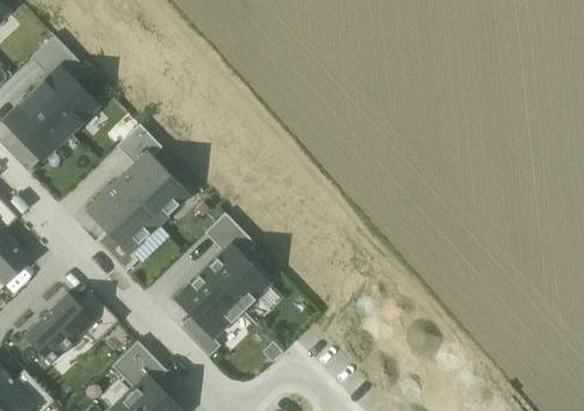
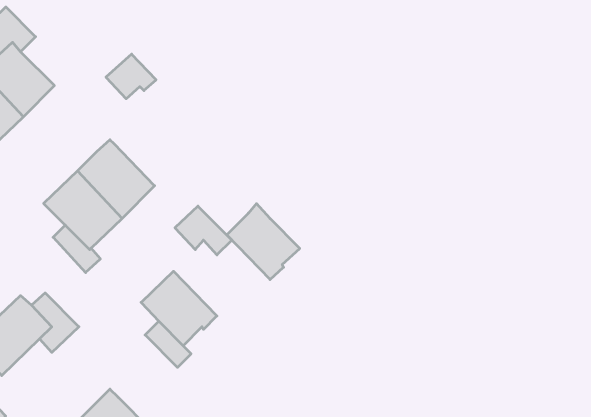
building: [116,125,161,164] -> [106,54,156,99]
building: [203,243,268,311] -> [227,204,300,280]
building: [111,341,167,389] -> none

